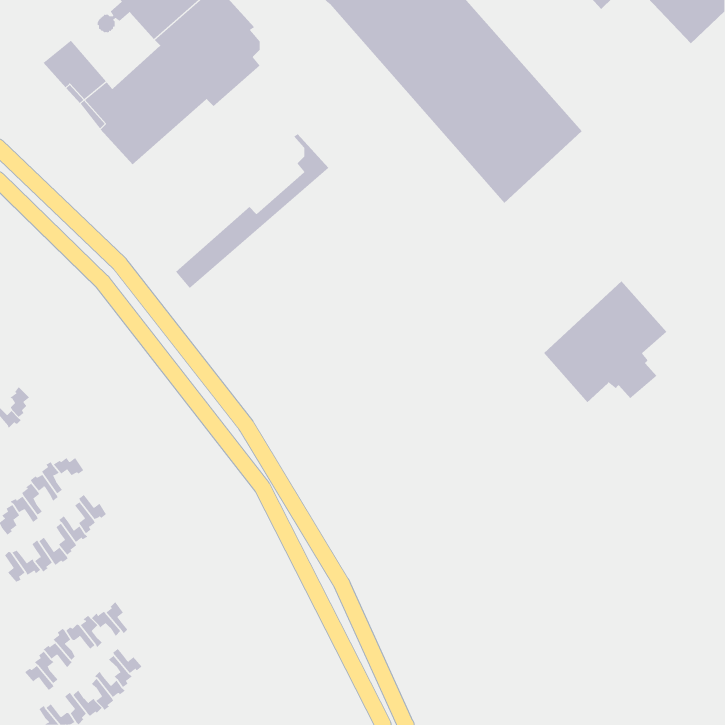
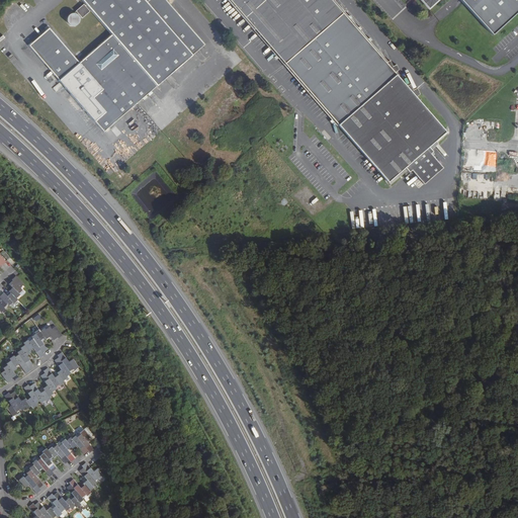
building: [175,134,329,289] -> [94,19,203,130]
building: [543,281,667,403] -> [358,93,446,180]

